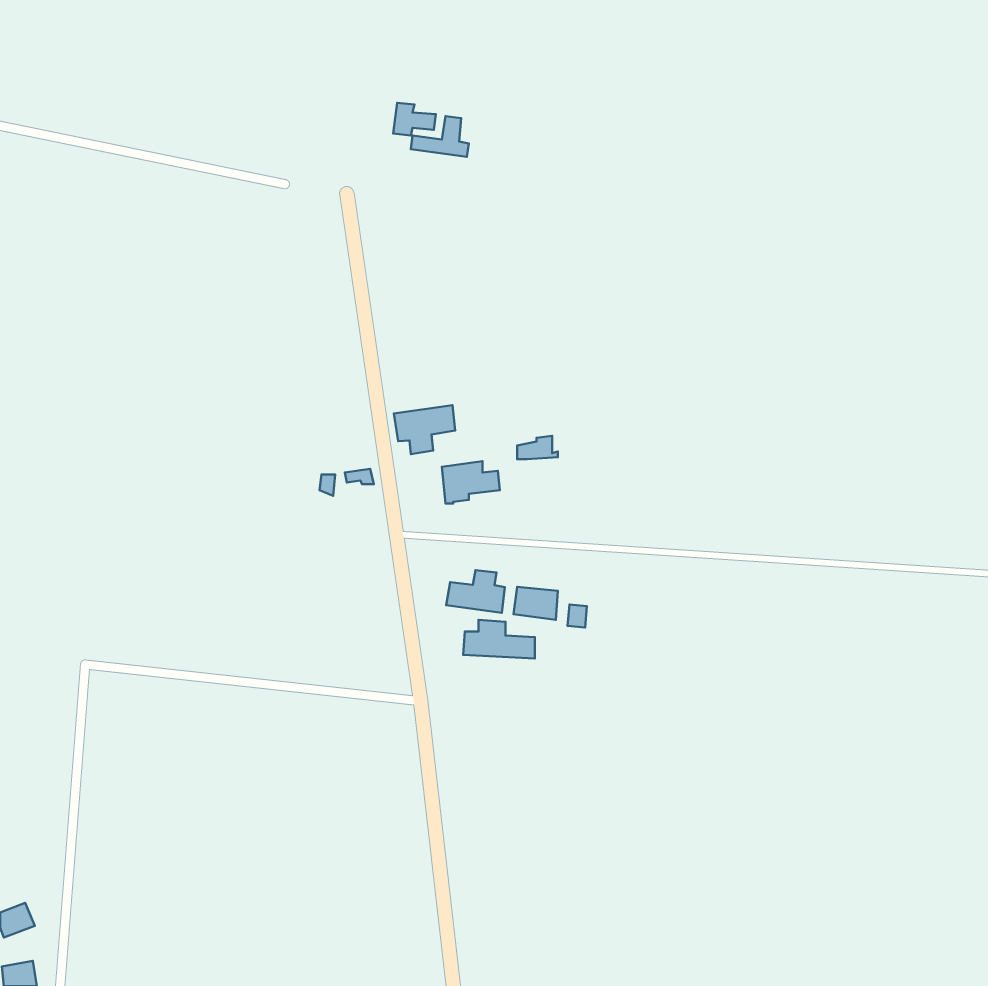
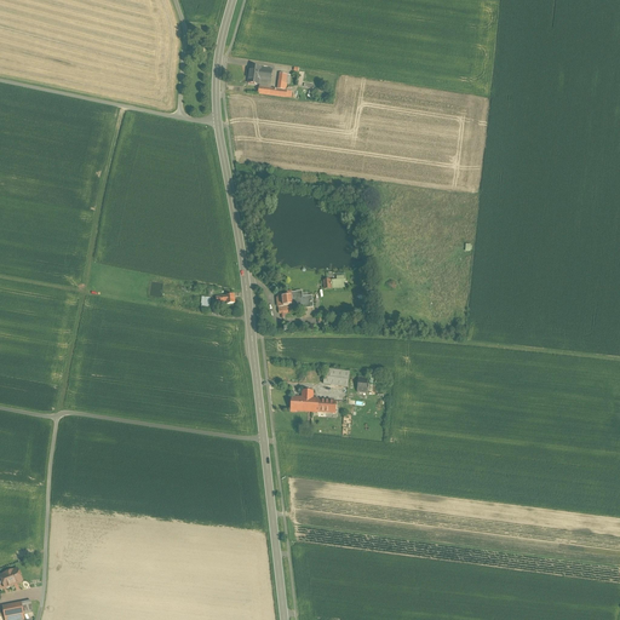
building: [394,405,455,454] -> none
building: [446,570,505,613] -> none

